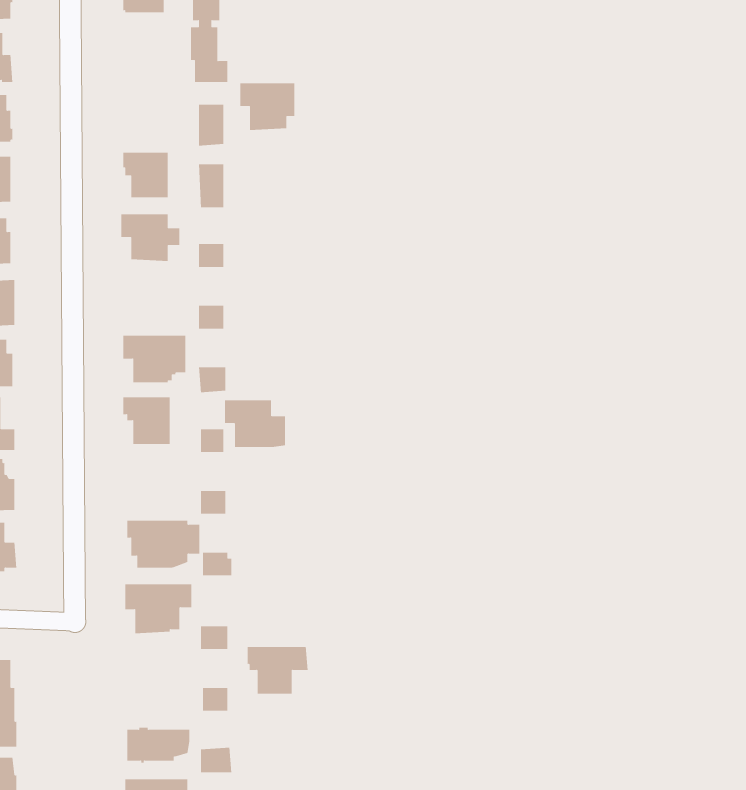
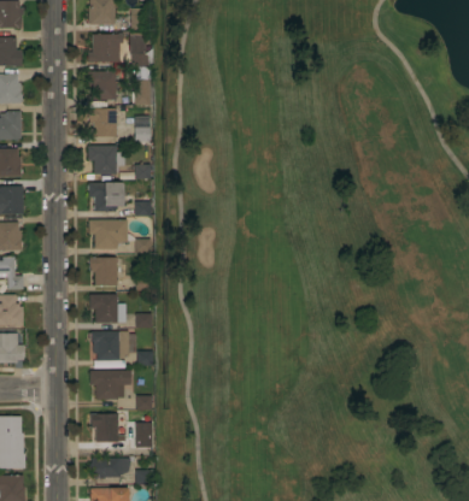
building: none -> [87,34,123,64]
building: [239,83,295,130] -> [87,72,121,101]
building: none -> [88,183,123,212]
building: [224,400,286,448] -> [88,295,125,324]
building: [247,647,308,694] -> [89,414,127,443]

